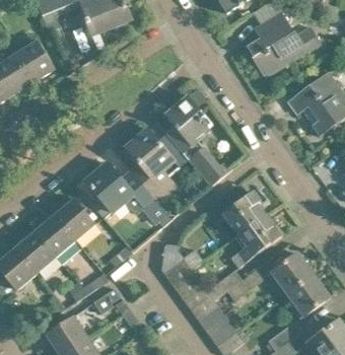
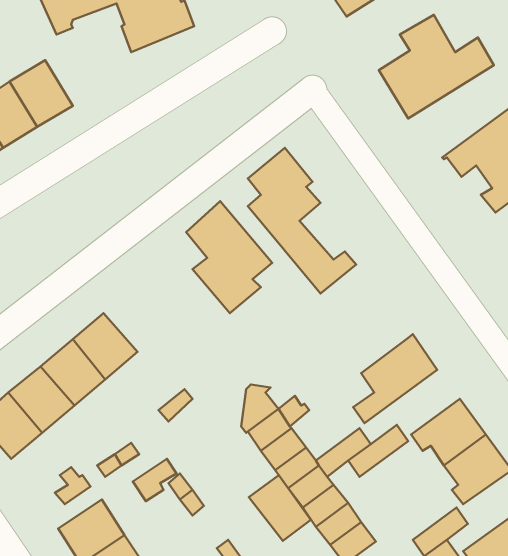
building: [85,162,170,227] -> none
building: [210,189,264,239] -> none
building: none -> [249,475,311,541]

